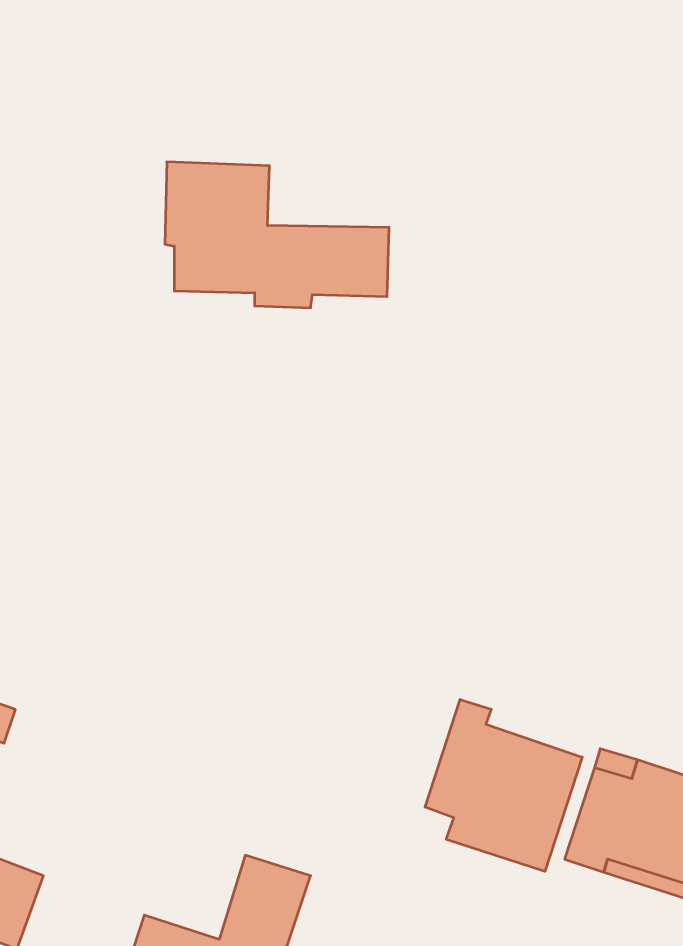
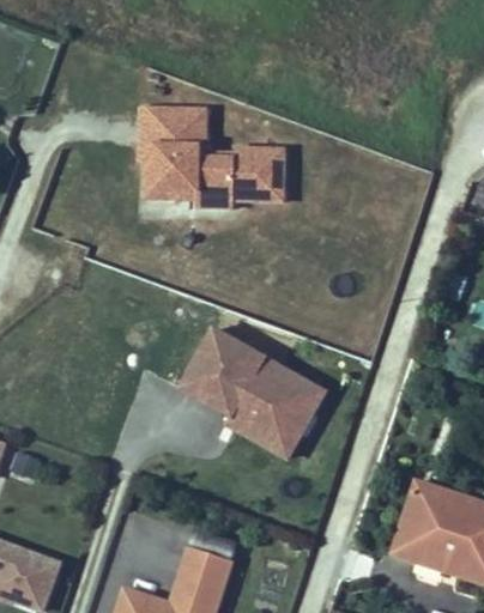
building: none -> [182,329,326,457]
building: [425,699,582,871] -> none

